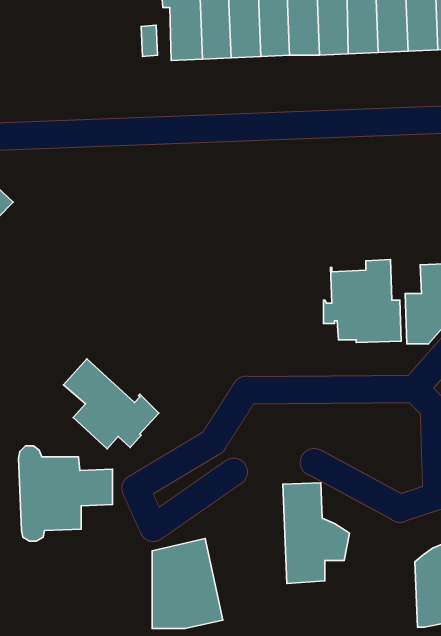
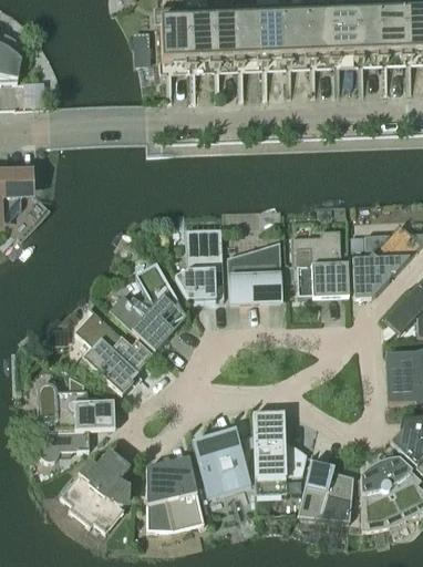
building: none -> [175,227,224,299]
building: none -> [227,241,282,303]
building: none -> [110,261,186,351]
building: none -> [192,429,251,494]
building: none -> [60,449,130,530]
building: none -> [297,453,353,520]

